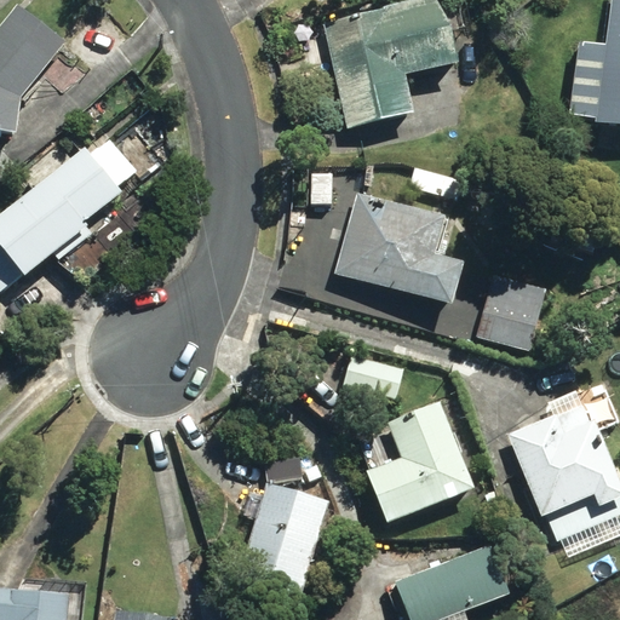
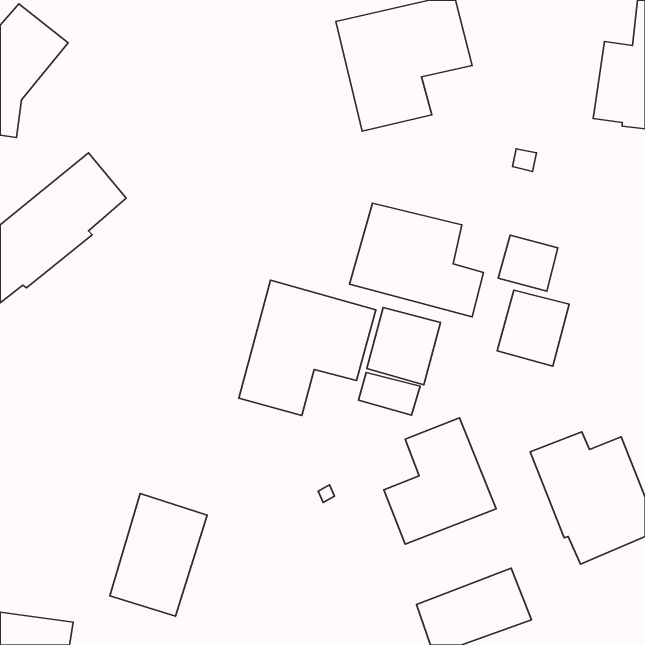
building: none -> [498,235,558,291]
building: none -> [239,280,376,415]
building: none -> [367,307,441,385]
building: [236,482,329,599] -> [110,494,207,616]

